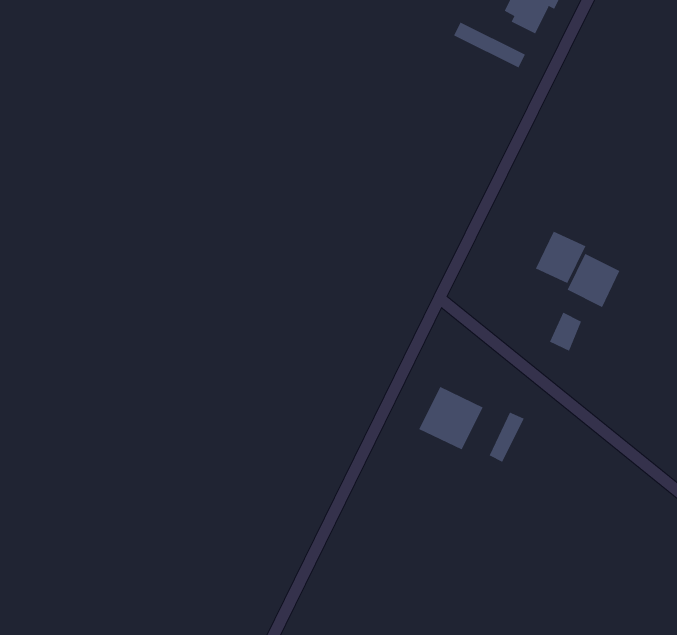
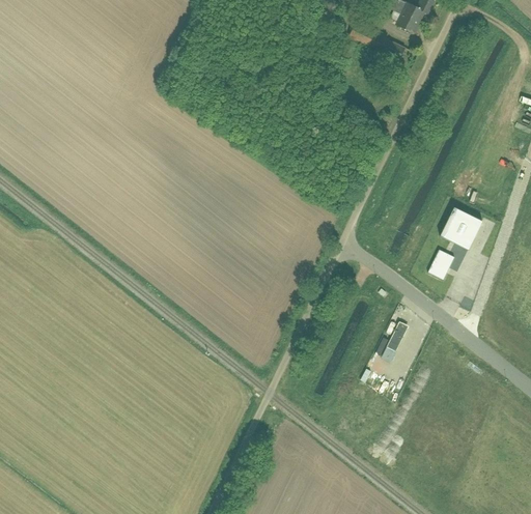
building: [535,231,586,284] -> none
building: [419,386,484,450] -> none

